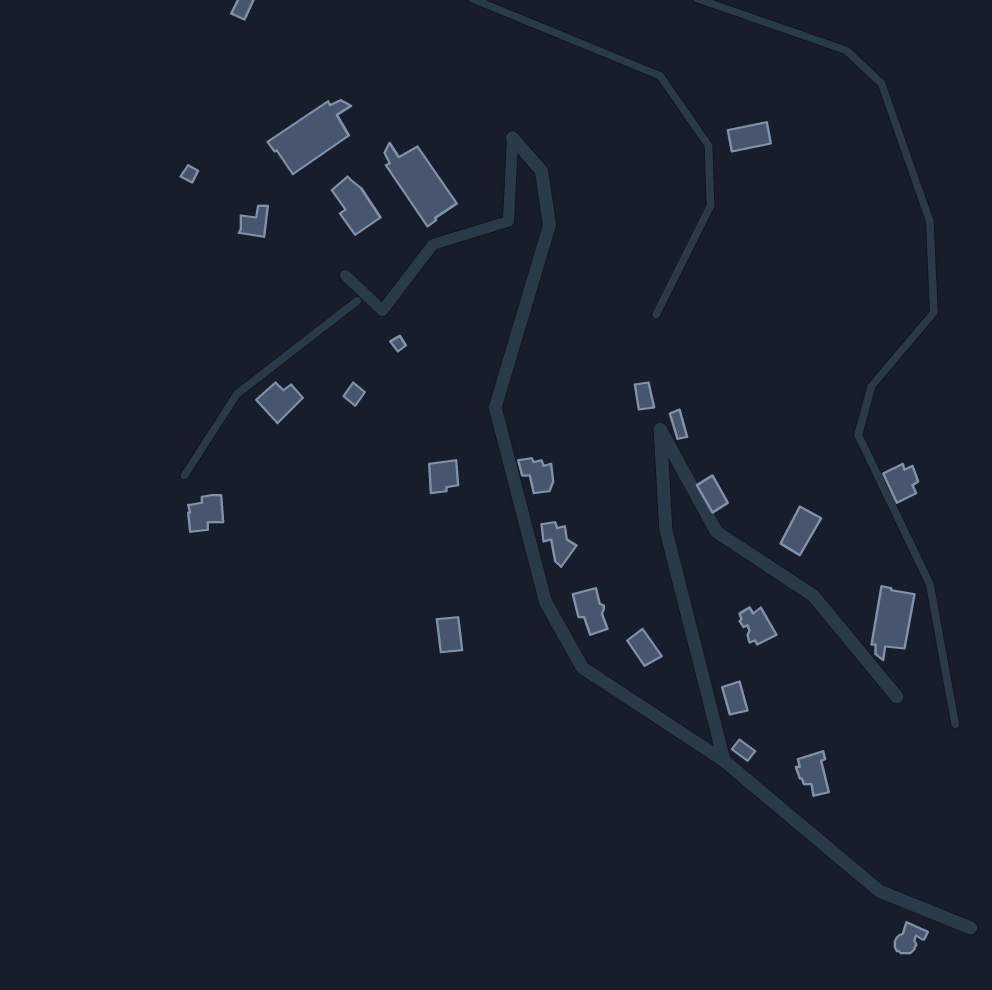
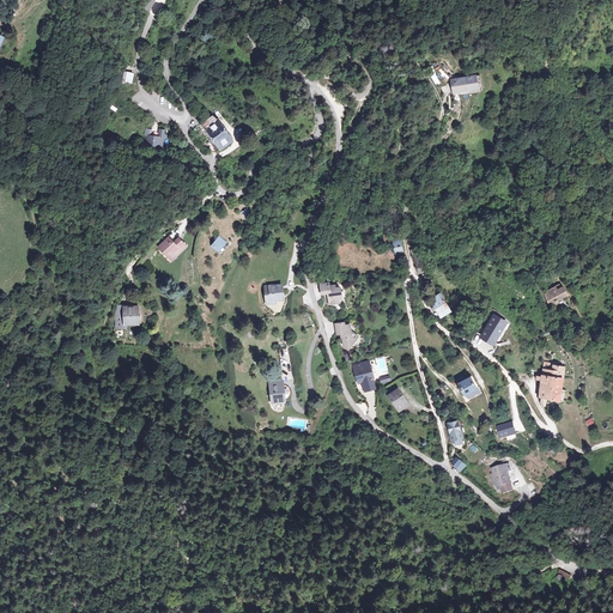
building: [268,100,351,174] -> none
building: [385,143,457,227] -> none

